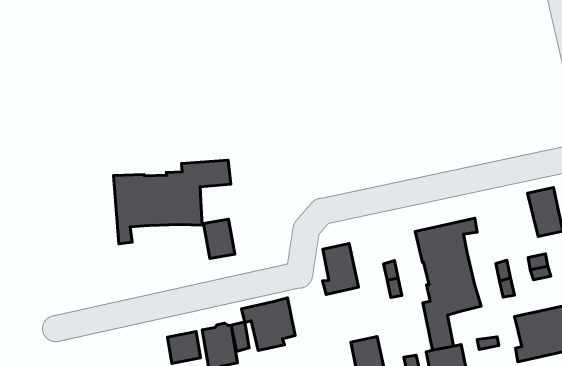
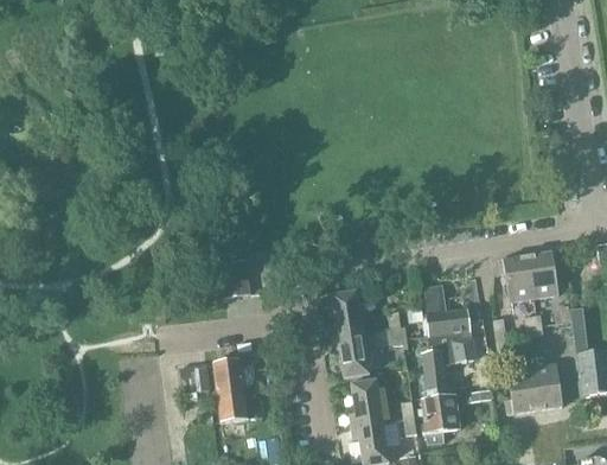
building: [113,160,231,244] -> none
building: none -> [497,255,535,300]
building: [241,298,295,351] -> [332,330,381,377]

